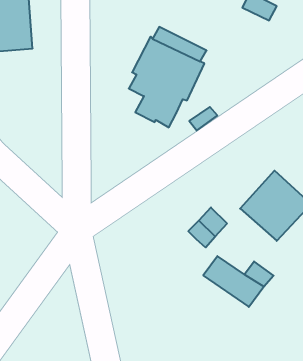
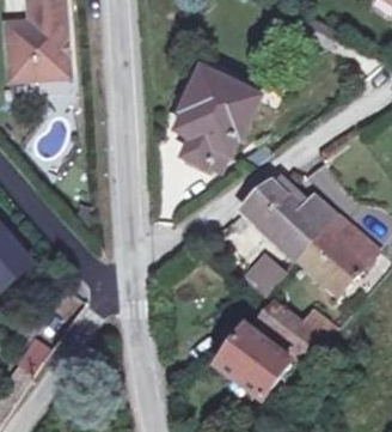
building: none -> [246,178,338,254]
building: none -> [215,327,290,401]

